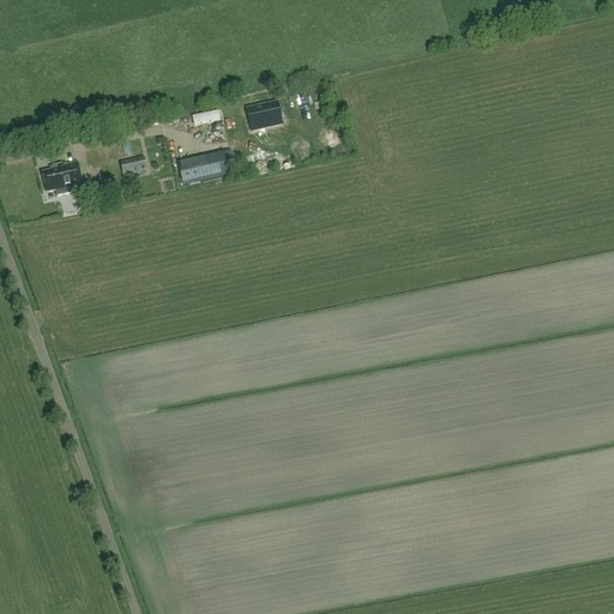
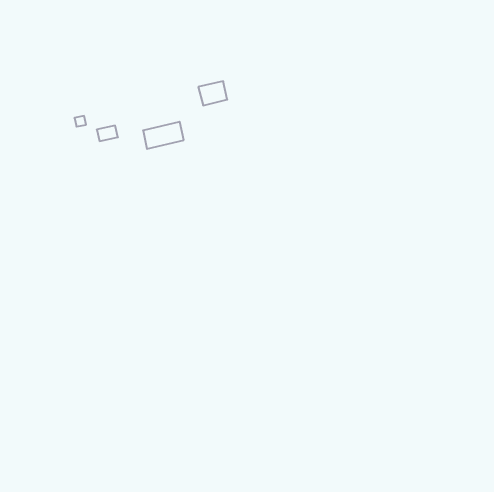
building: [41,162,82,191] -> none

